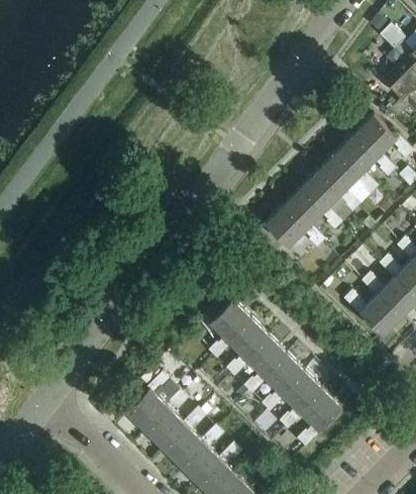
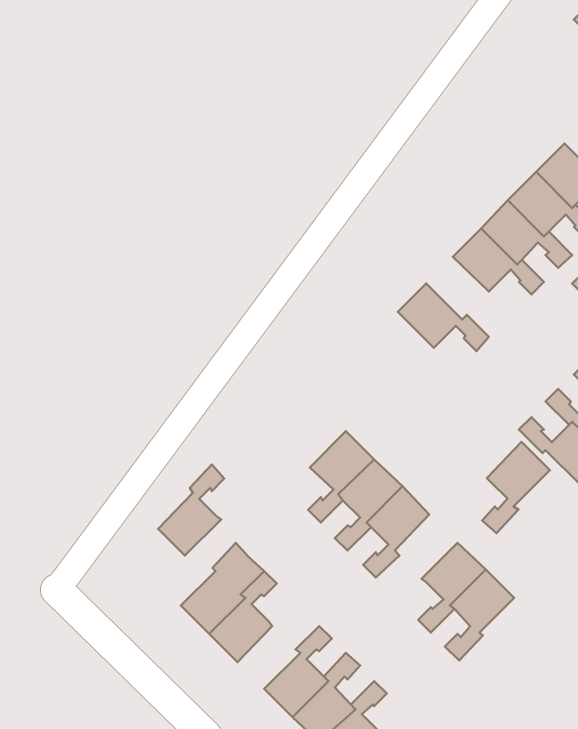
building: [284,189,342,231] -> none
building: [261,355,304,413] -> [482,442,550,533]
building: [163,408,205,467] -> [158,464,224,556]

